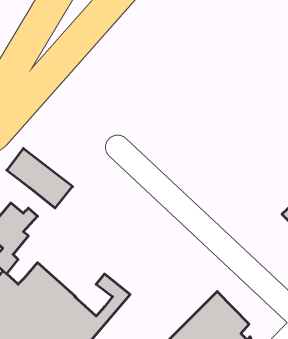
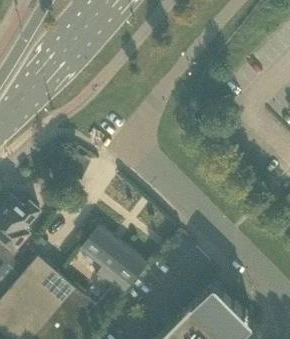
building: [7,148,73,208] -> [83,229,147,287]

